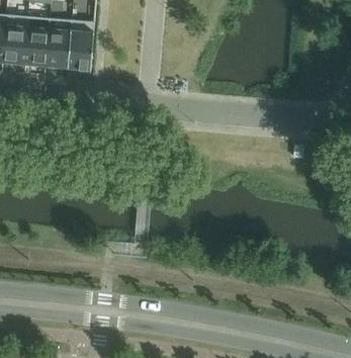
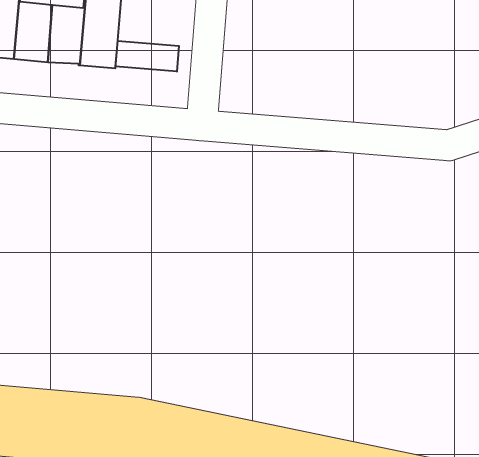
building: none -> [116,41,179,72]

